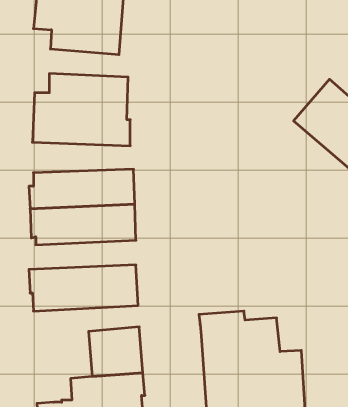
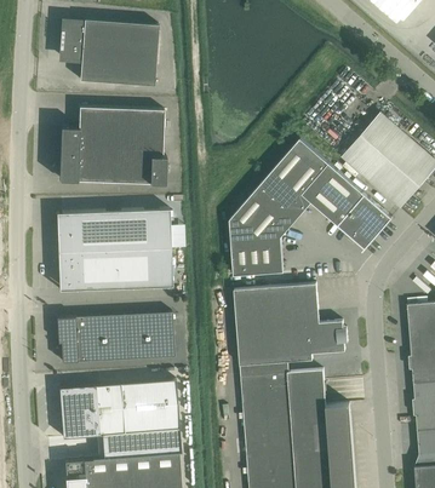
building: none -> [229,139,391,275]
building: none -> [234,283,348,366]
building: none -> [58,384,124,437]

